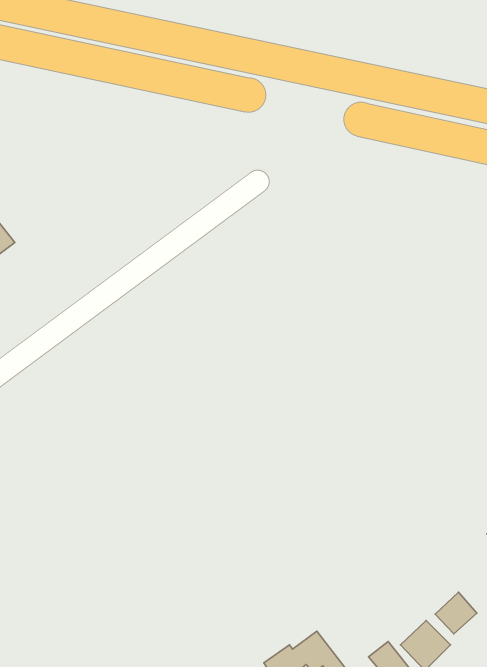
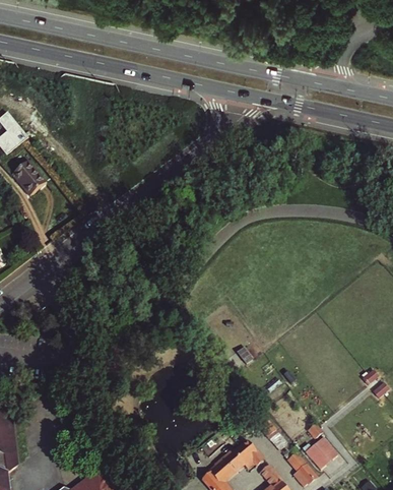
building: [435,592,477,634] -> none

